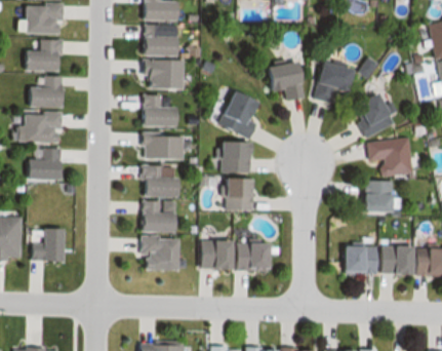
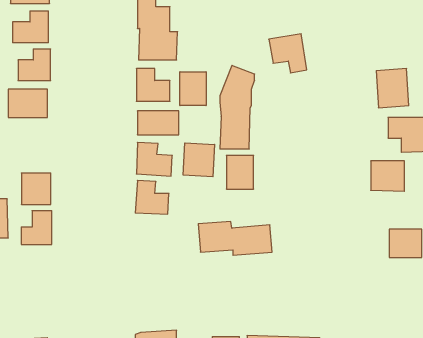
building: [320,64,353,94] -> none
building: none -> [180,72,206,106]
building: [30,150,57,180] -> [21,173,51,204]
building: none -> [183,143,215,177]
building: [143,238,176,270] -> none
building: [344,245,375,274] -> none

